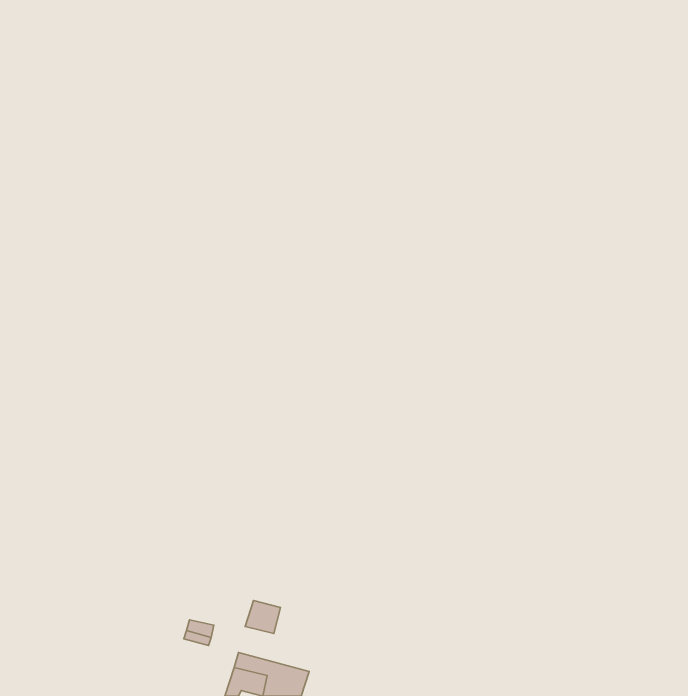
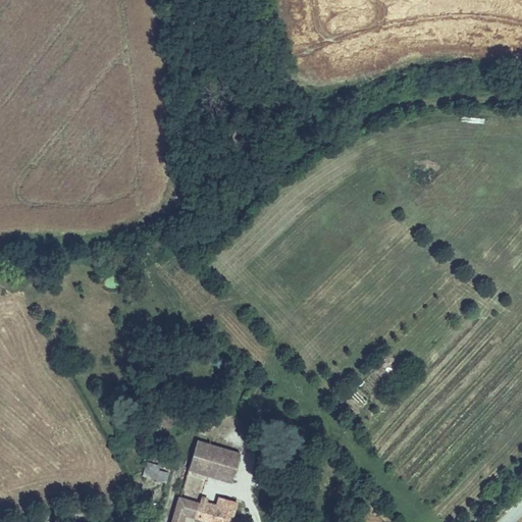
building: none -> [211,455,238,480]

